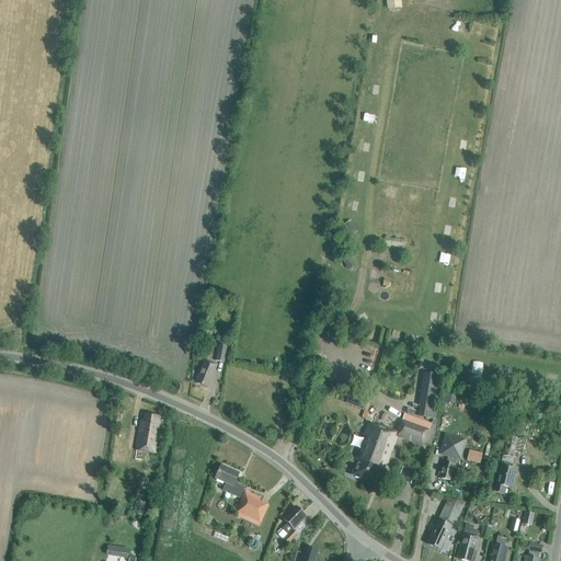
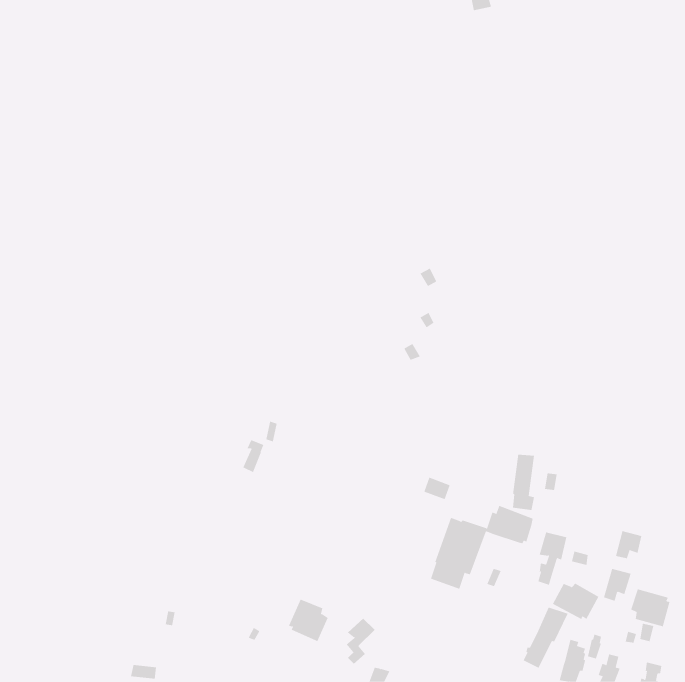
building: [137,414,160,453] -> none
building: [216,465,245,496] -> none
building: none -> [552,583,599,620]
building: none -> [631,589,670,627]

